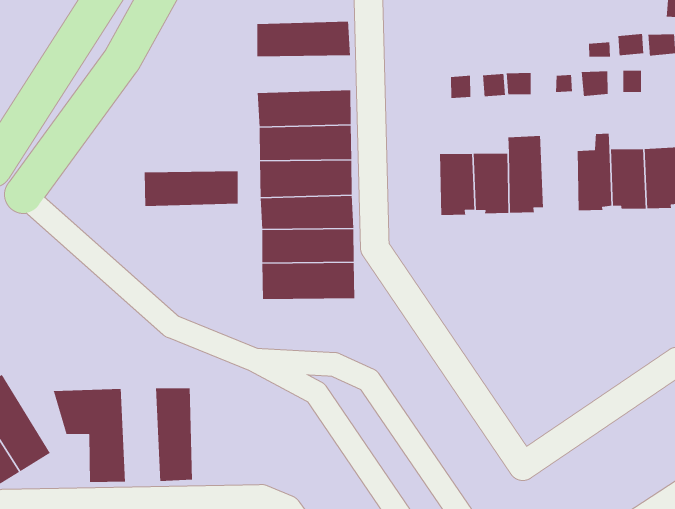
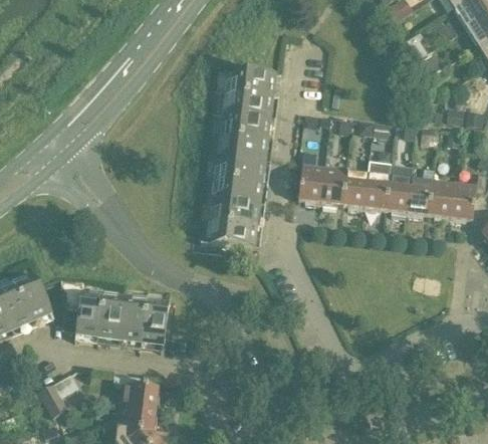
building: none -> [386,167,413,216]
building: none -> [298,165,325,206]
building: [144,170,239,207] -> [217,89,279,119]
building: none -> [141,290,171,352]
building: none -> [98,284,126,347]

